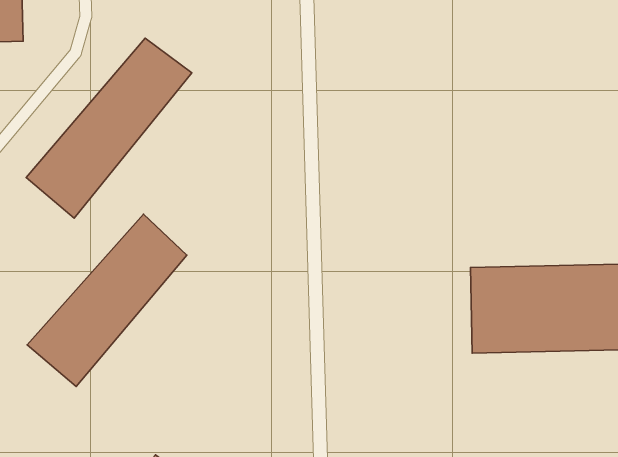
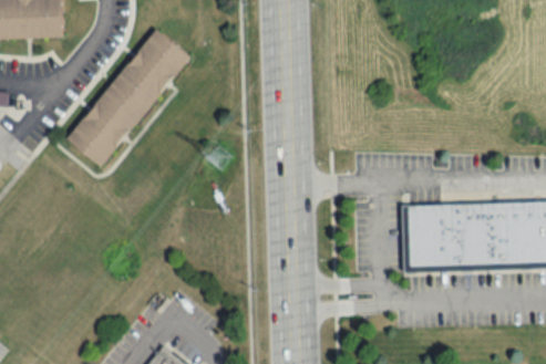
building: [27,214,187,387] -> none

